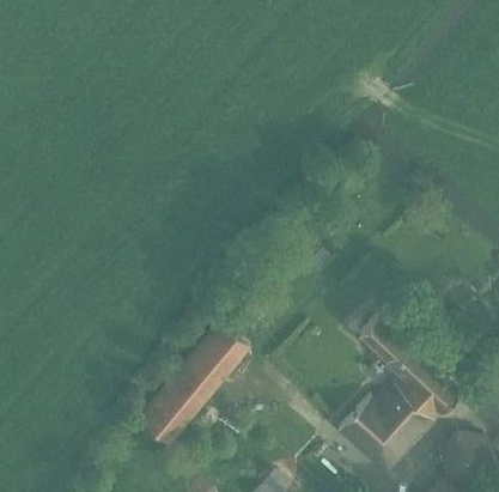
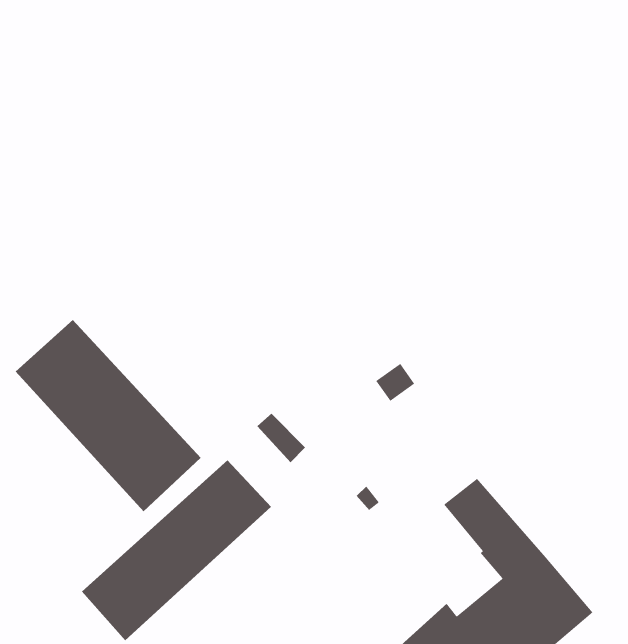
building: none -> [15,319,202,512]

